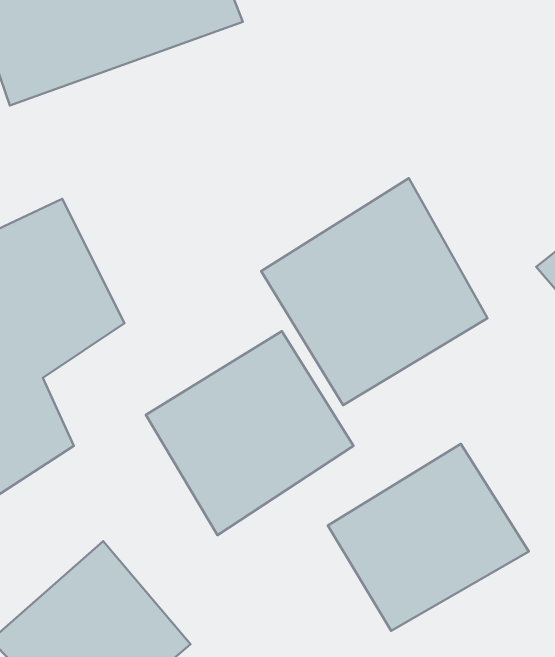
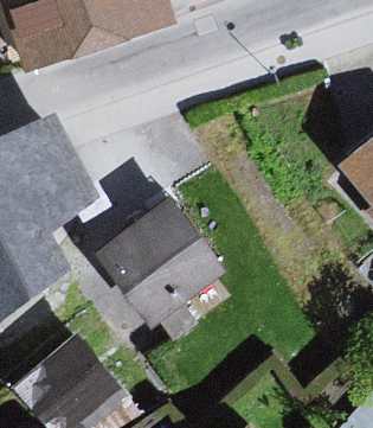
building: [261,178,487,405] -> none
building: [328,444,529,631] -> none

